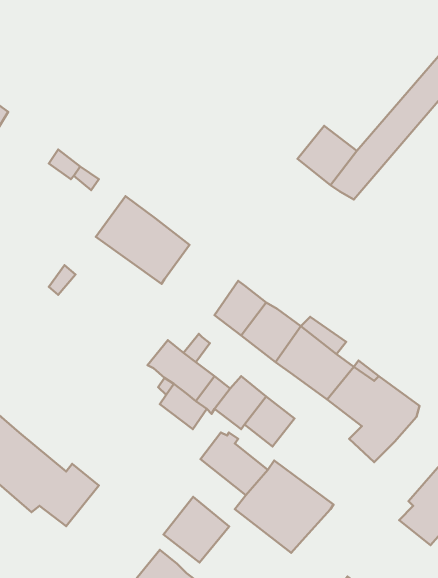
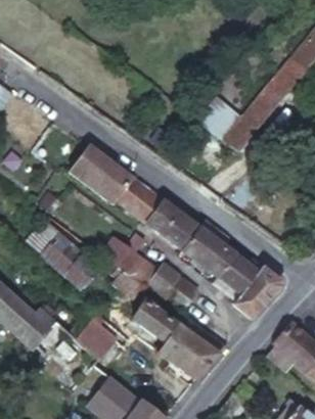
building: none -> [115,177,163,223]
building: none -> [27,218,101,287]
building: [164,497,229,563] -> [76,313,119,356]

